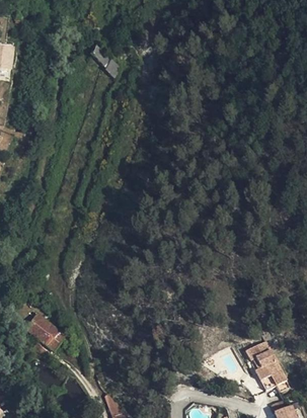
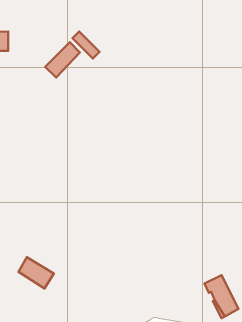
building: none -> [45,42,80,78]

